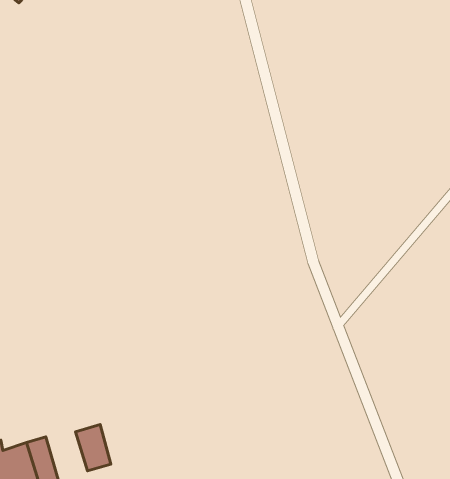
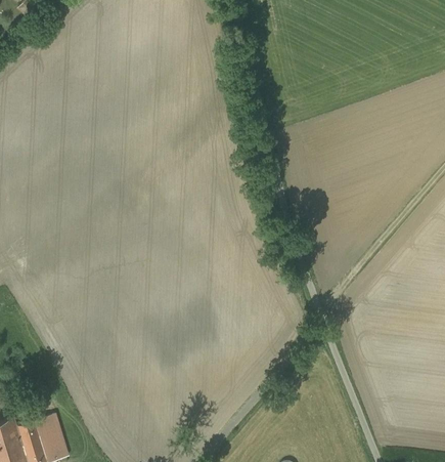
building: [75,424,111,471] -> none

